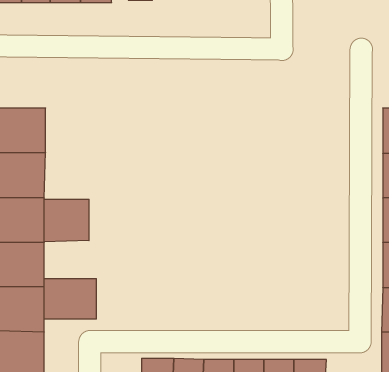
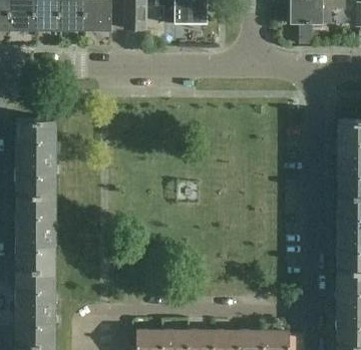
building: [44,199,89,242] -> none
building: [44,279,96,319] -> none

